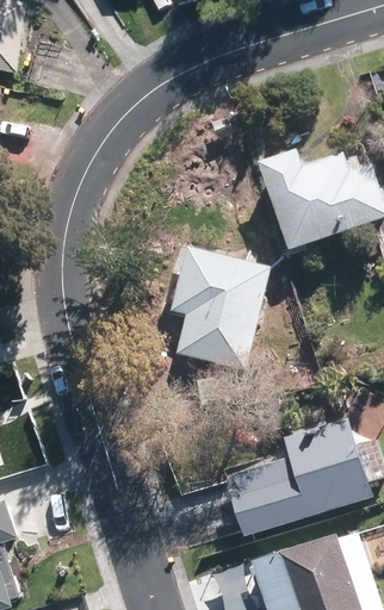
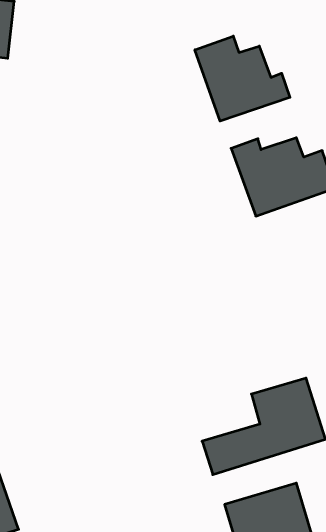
building: none -> [195,36,290,121]
building: [176,254,256,361] -> none

